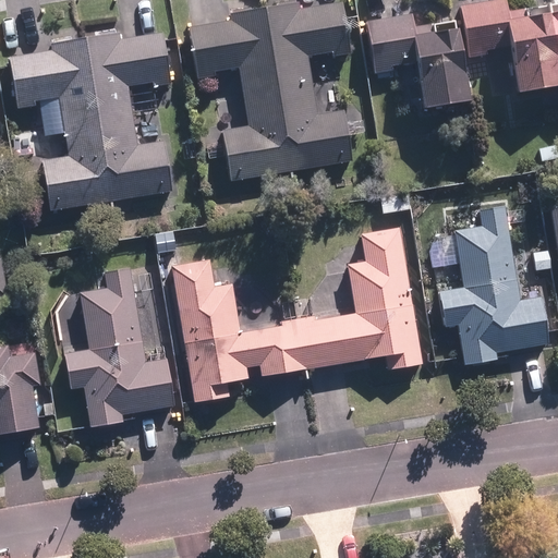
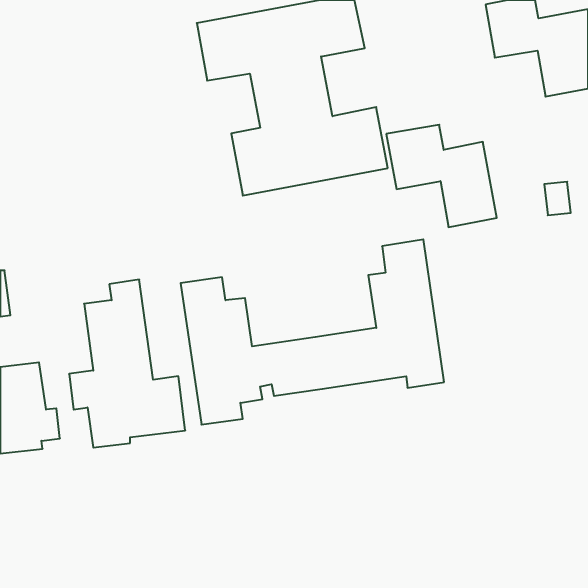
building: [365,11,470,108] -> [386,125,497,227]
building: [10,31,171,211] -> none
building: [437,221,548,356] -> none

